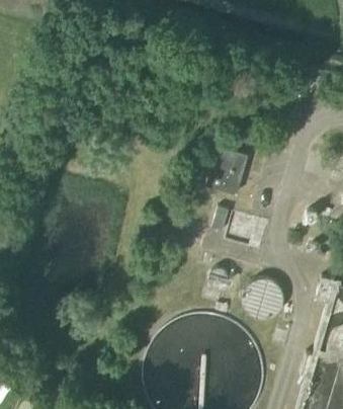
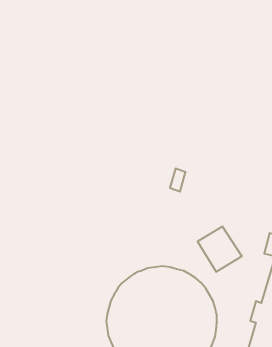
building: [205,146,246,193] -> none

